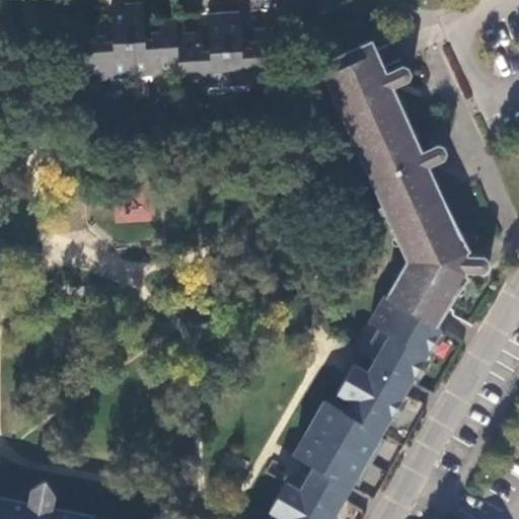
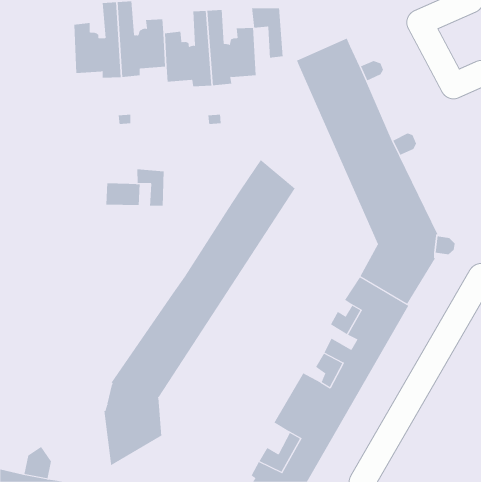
building: none -> [252,7,283,58]
building: none -> [104,159,295,466]
building: none -> [137,169,164,207]

